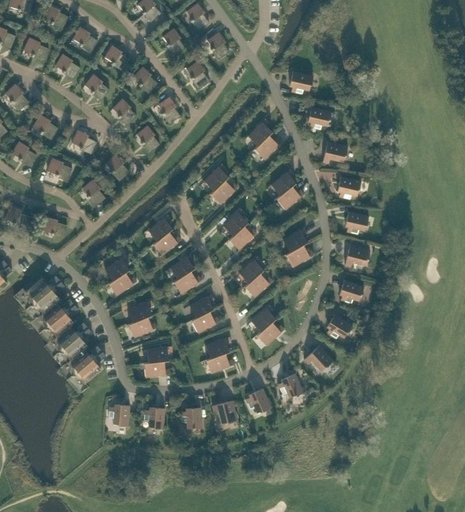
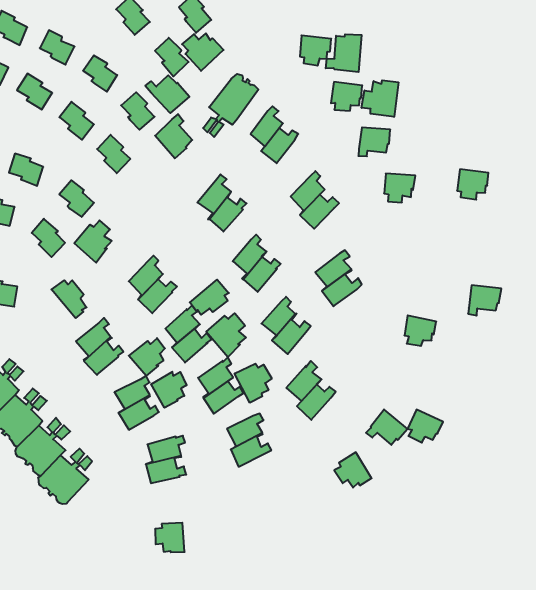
building: none -> [182,33,224,71]
building: none -> [326,34,362,72]
building: none -> [145,75,189,113]
building: none -> [203,74,258,137]
building: none -> [362,80,398,117]
building: none -> [155,114,192,158]
building: none -> [74,220,112,263]
building: [344,211,368,234] -> [457,169,488,200]
building: none -> [51,280,87,318]
building: none -> [190,280,229,315]
building: [344,245,370,267] -> [468,285,501,316]
building: none -> [206,313,246,357]
building: none -> [129,338,165,376]
building: none -> [151,372,187,408]
building: none -> [235,364,272,403]
building: [326,314,352,338] -> [408,410,443,443]
building: [245,388,270,413] -> none
building: [212,400,237,424] -> none
building: [108,404,129,426] -> none
building: [181,407,201,429] -> none

